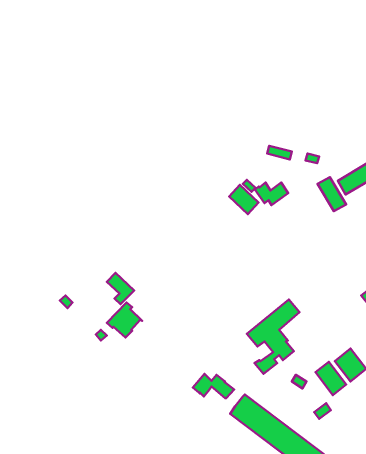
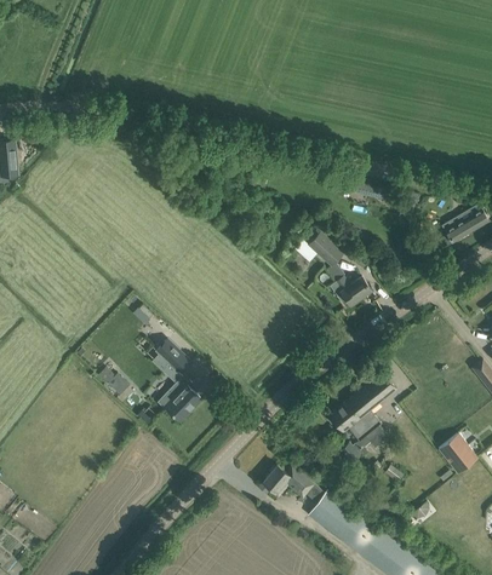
building: [317,177,346,211] -> none
building: [255,183,288,205] -> [330,277,371,305]
building: [315,362,346,395] -> none

